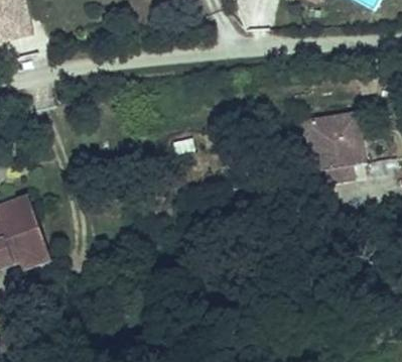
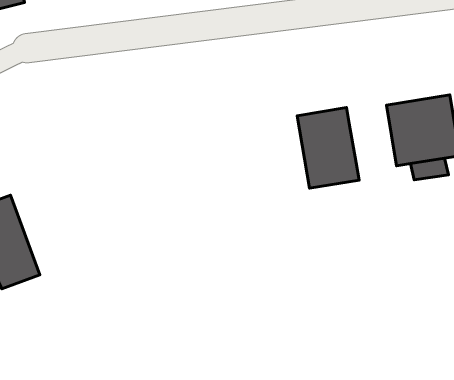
building: none -> [297,108,359,188]

